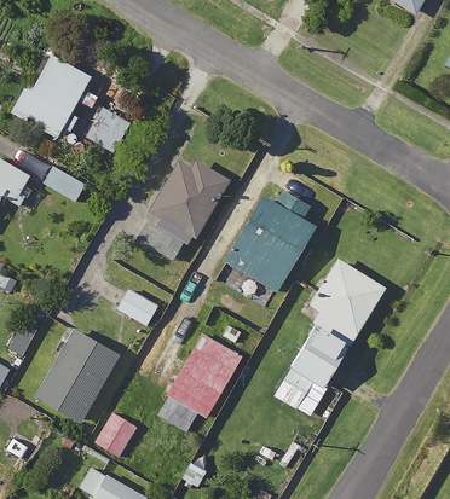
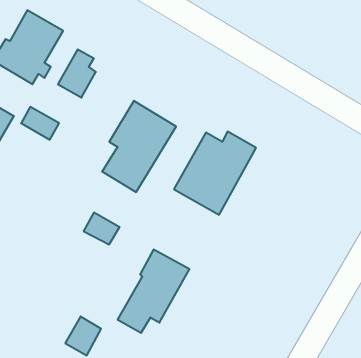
building: [288,256,388,383] -> none
building: [39,330,120,422] -> none
building: [277,371,335,418] -> none

